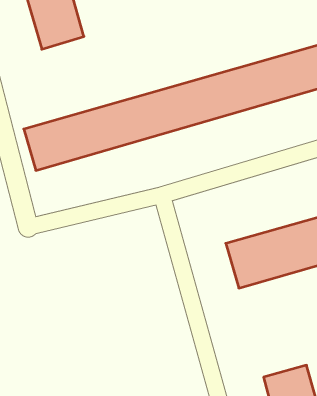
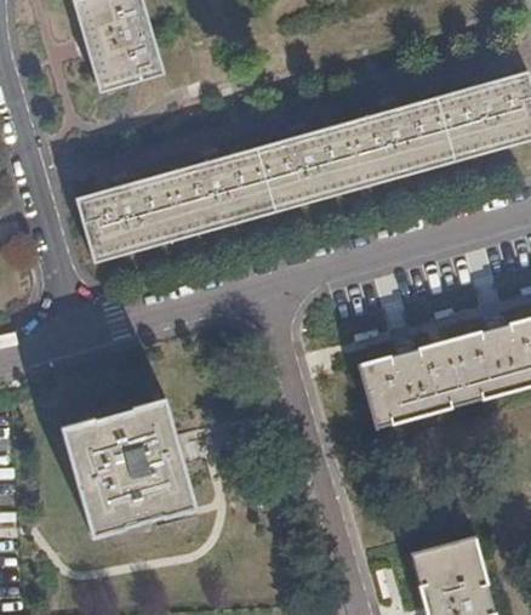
building: none -> [62,399,195,537]

